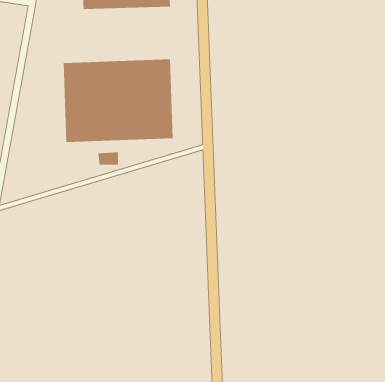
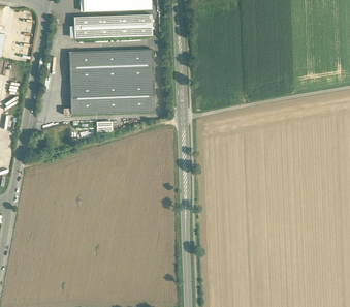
building: none -> [72,13,152,37]

